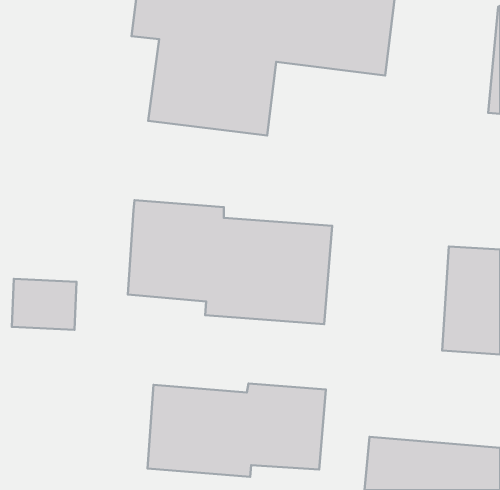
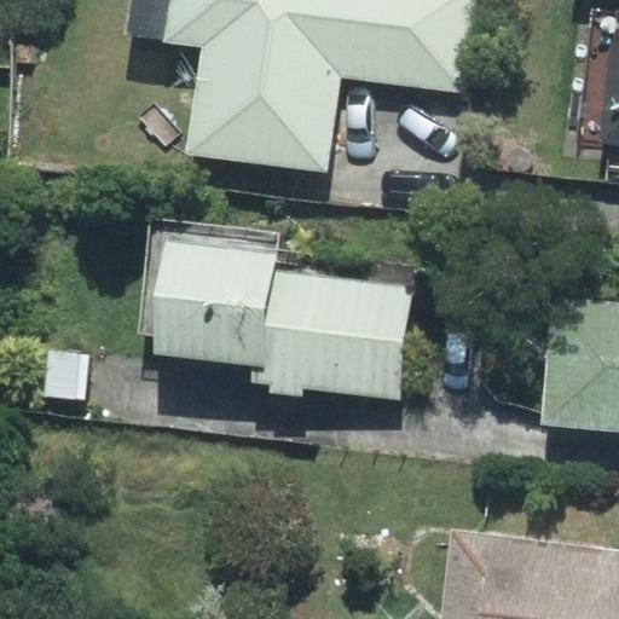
building: [147,383,326,477] -> none

